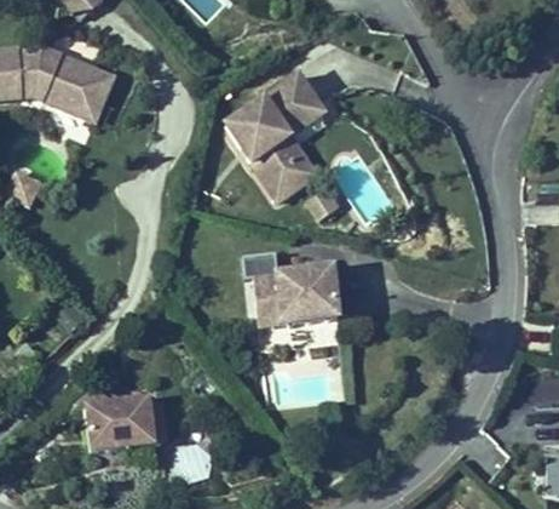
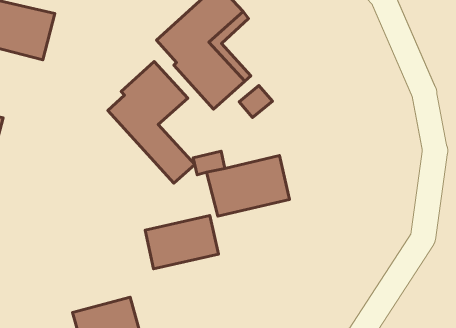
building: none -> [108,62,195,183]
building: none -> [145,215,218,269]

